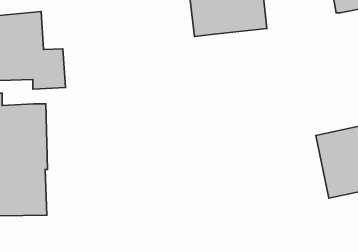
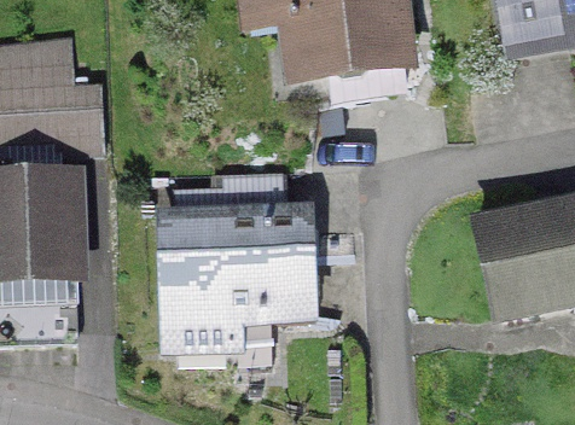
building: none -> [167,196,302,347]

